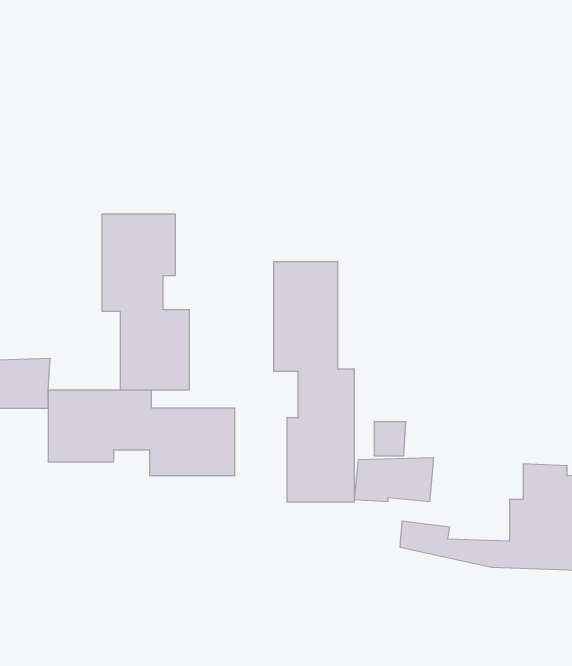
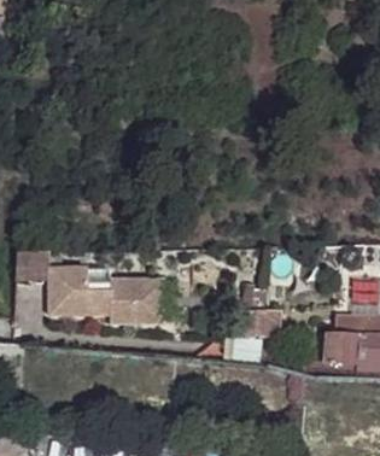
building: [102,214,189,390] -> none
building: [274,261,354,502] -> none

